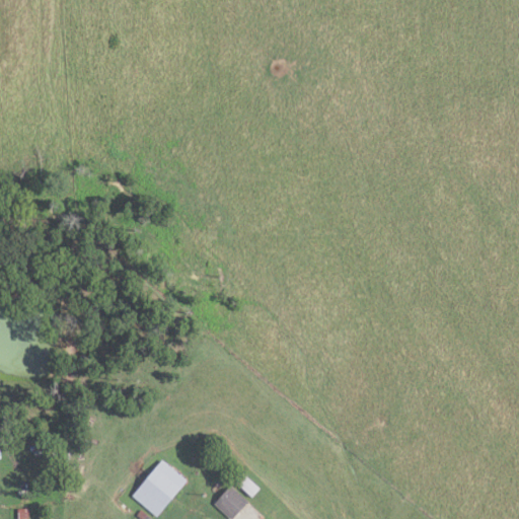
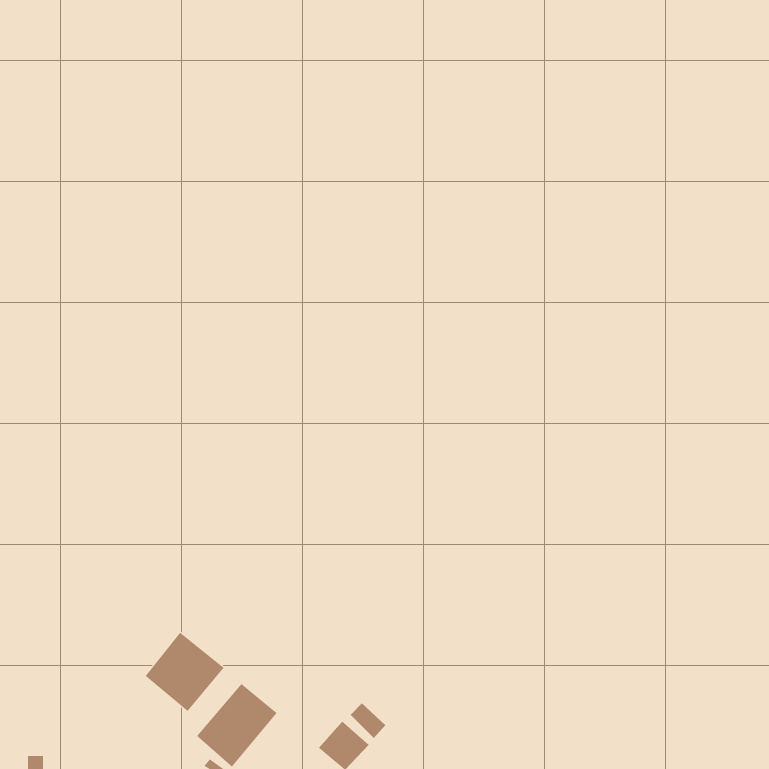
building: none -> [145,632,225,712]

